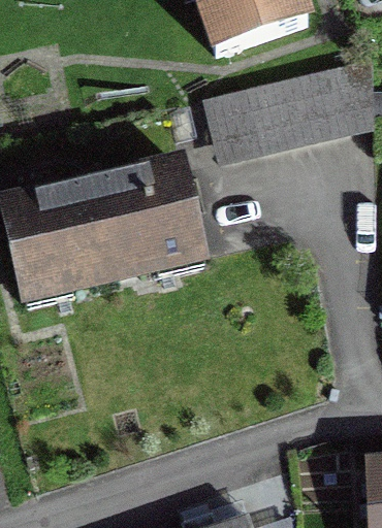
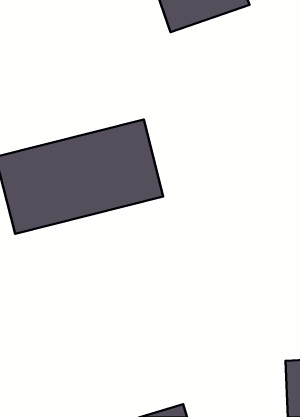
building: [203,66,373,162] -> none

